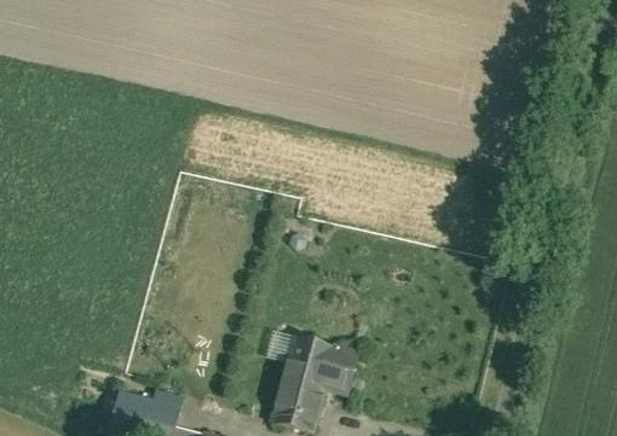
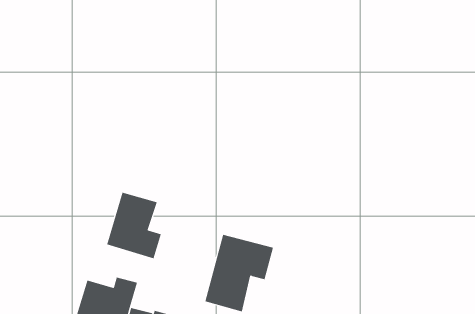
building: none -> [107,192,161,259]

